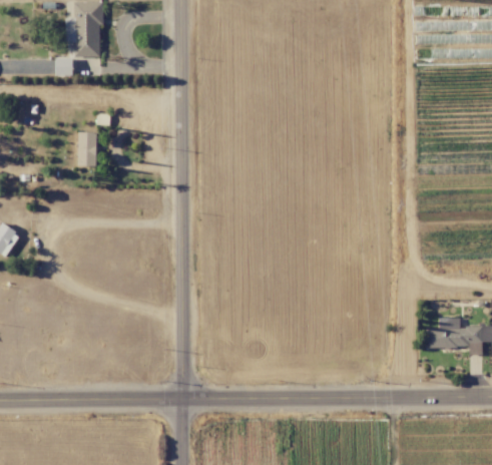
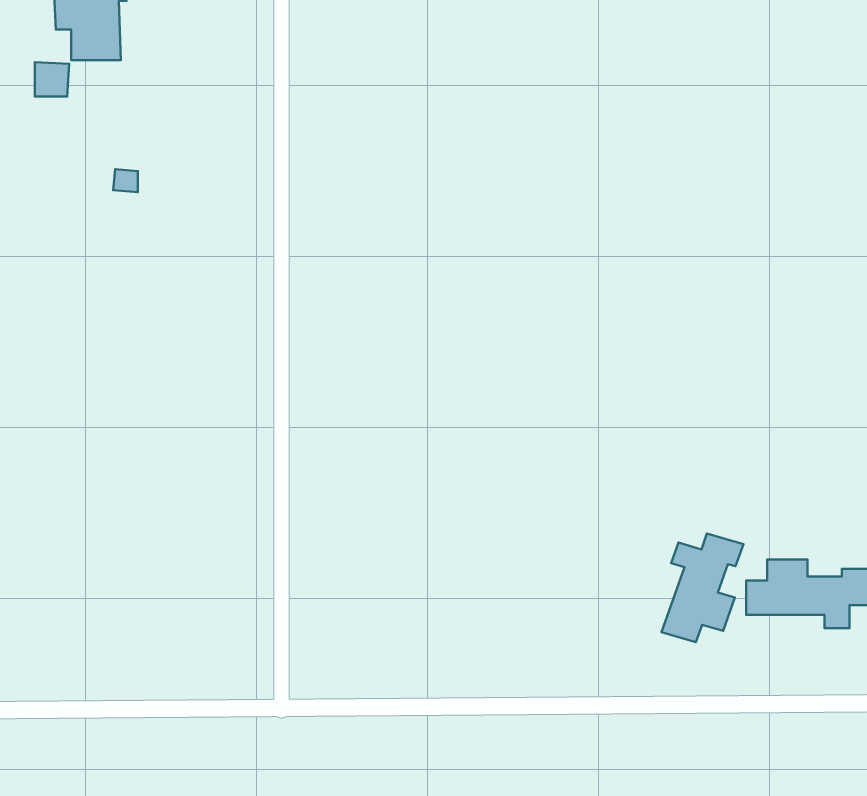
building: [78,132,97,166] -> none
building: none -> [662,533,743,642]

